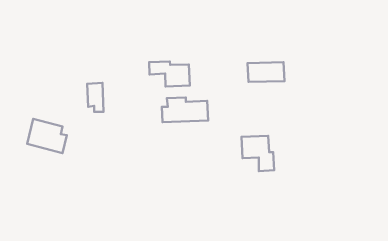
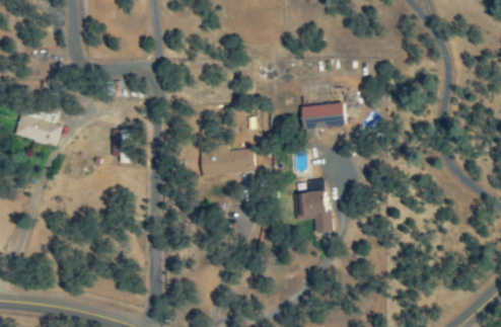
building: [149,62,190,87] -> none
building: [27,119,67,153] -> [15,106,62,147]

